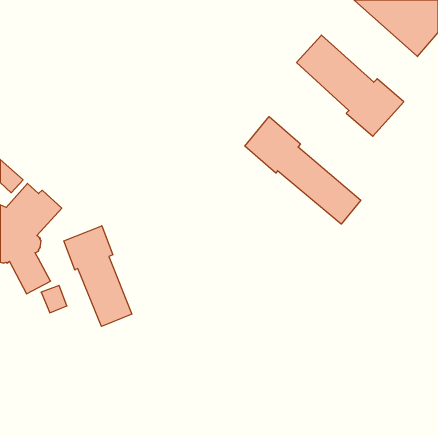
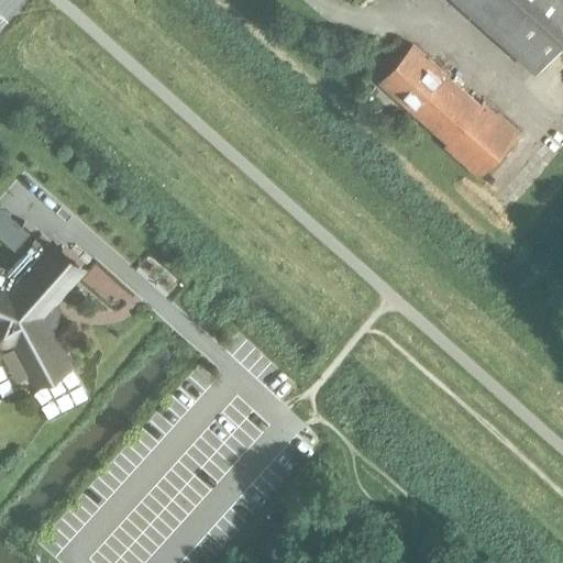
building: [245,117,361,224] -> none
building: [64,226,132,326] -> none

